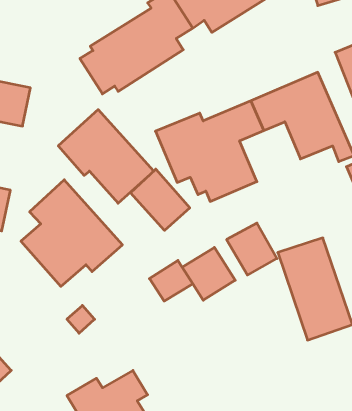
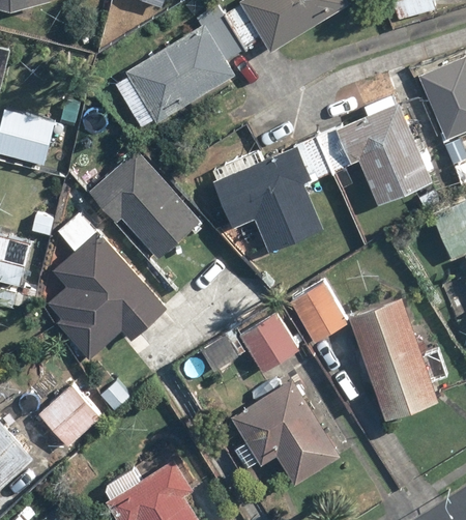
building: [130,169,190,230] -> none
building: none -> [216,378,341,485]
building: none -> [36,385,100,450]

